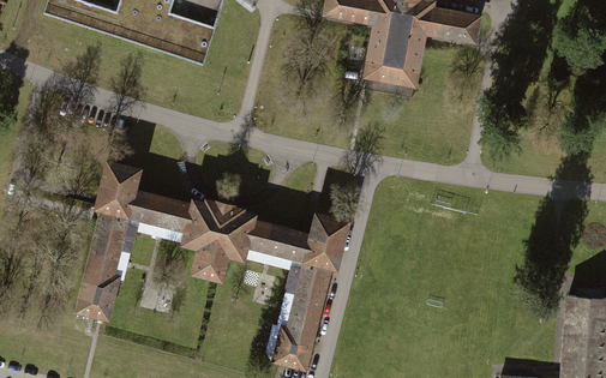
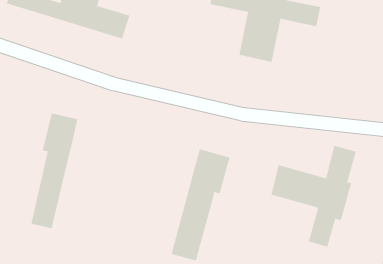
building: [128,191,302,280] -> none
building: none -> [271,145,357,248]

